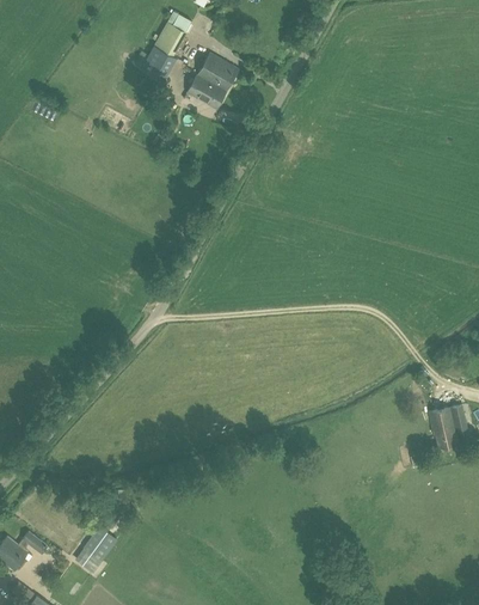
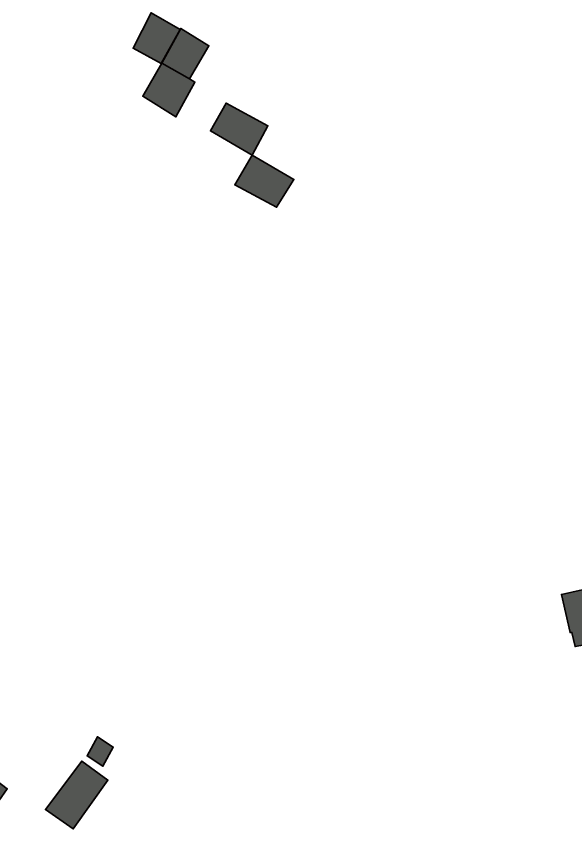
building: none -> [133,13,180,64]
building: [197,53,238,88] -> [235,155,294,207]

